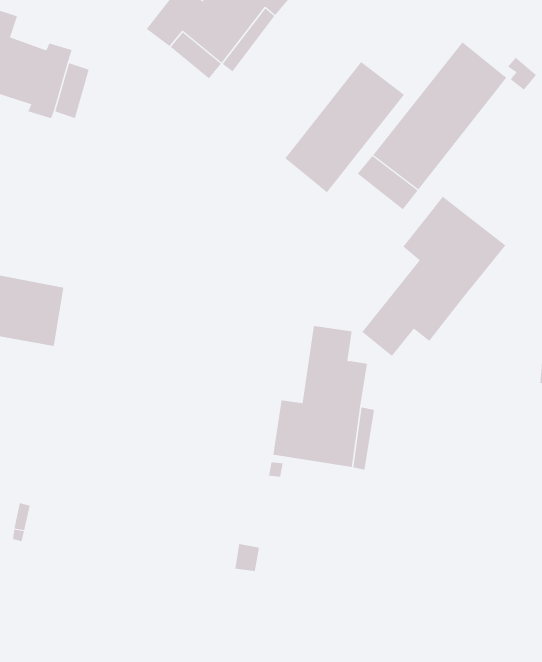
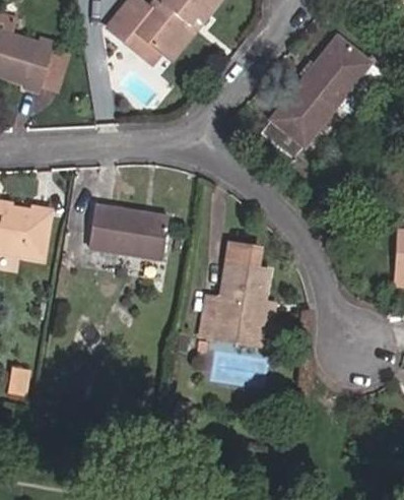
building: [284,61,405,193] -> none
building: [361,196,506,357] -> none
building: none -> [88,205,169,257]

